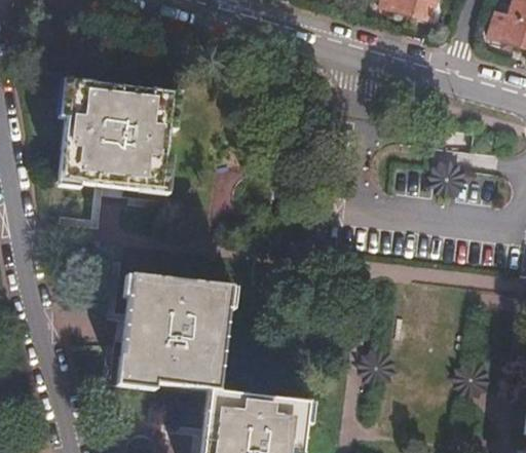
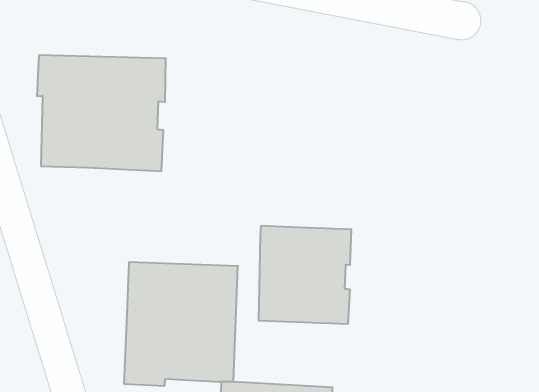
building: none -> [259,226,351,324]

